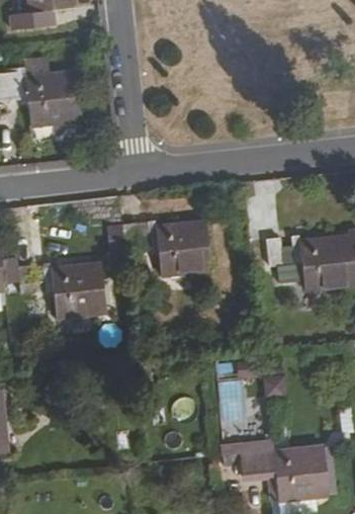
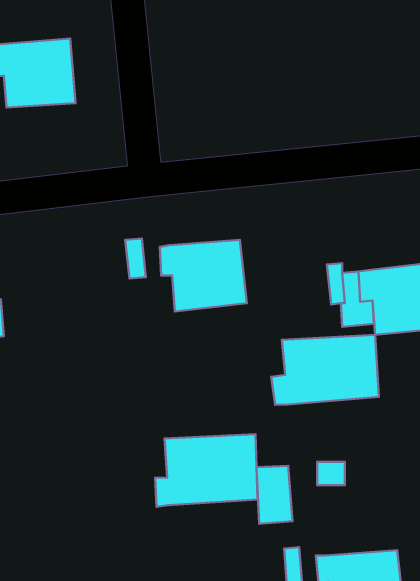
building: [43,263,107,316] -> none
building: none -> [271,335,379,405]
building: none -> [155,434,257,507]

